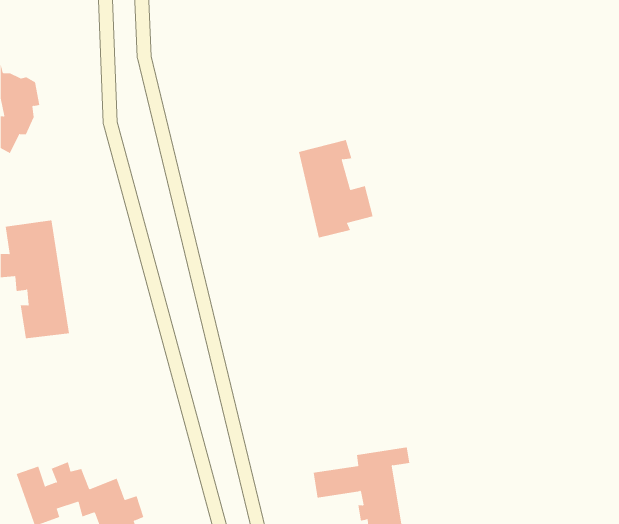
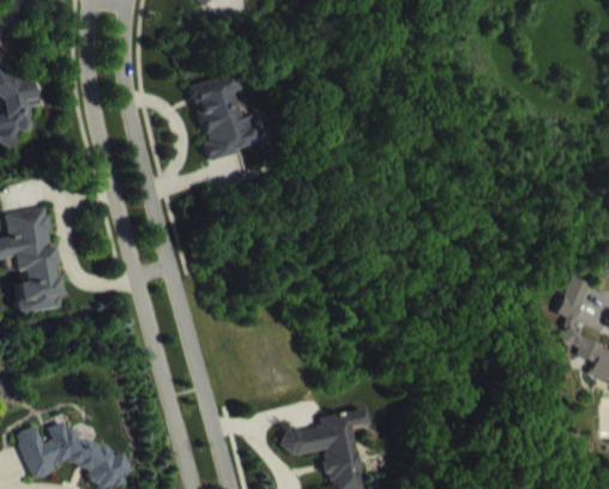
building: [298,140,374,238] -> [191,73,258,161]

